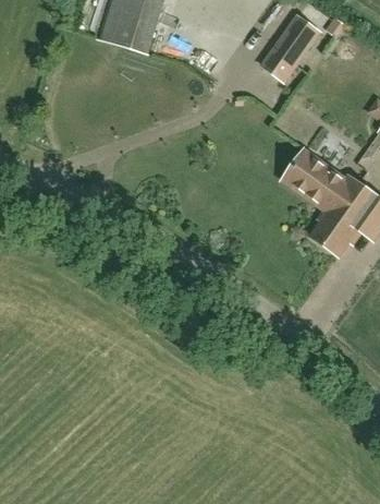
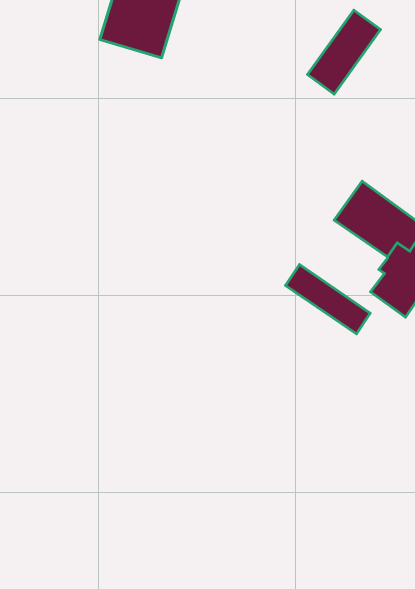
building: none -> [286,265,370,334]

